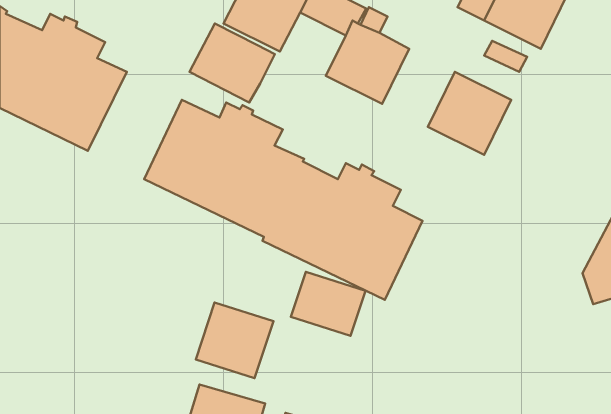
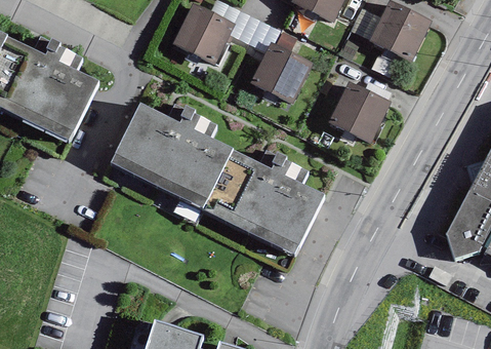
building: [189,23,275,103] -> none
building: [291,272,366,336] -> none
building: [196,302,273,378] -> none

